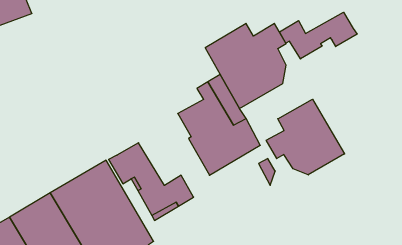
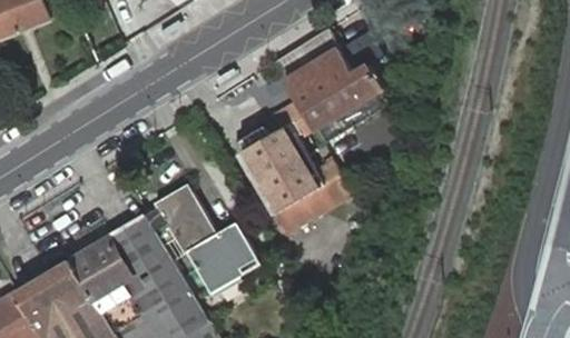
building: [280,12,357,59] -> none
building: [266,99,345,175] -> none
building: none -> [154,182,244,249]

